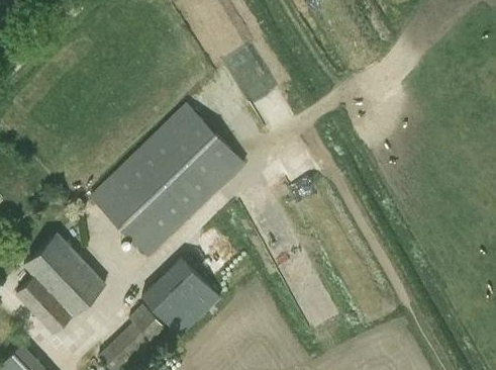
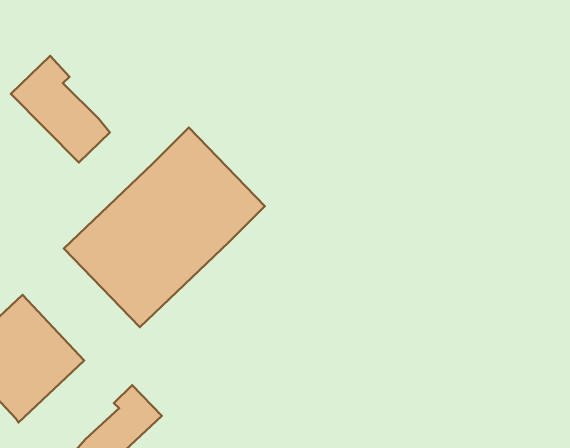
building: none -> [11,56,110,163]
building: [139,258,220,337] -> none

